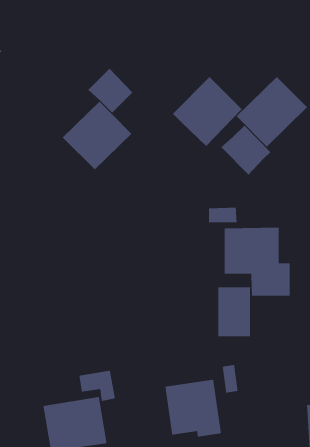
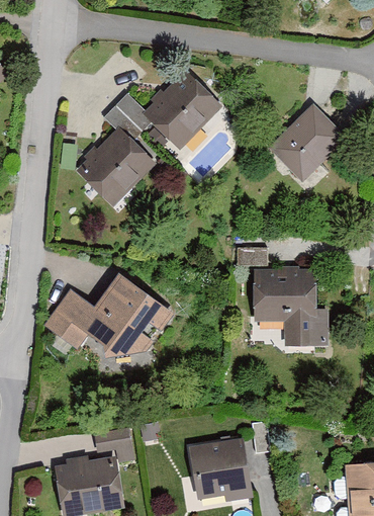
building: [172,76,243,147] -> [145,70,222,148]
building: [221,125,271,176] -> none
building: none -> [43,272,176,370]
building: [218,286,251,337] -> none

